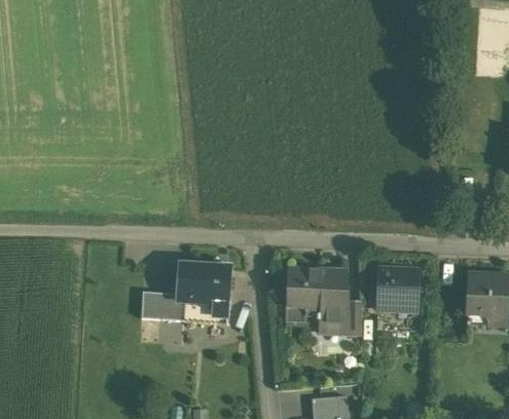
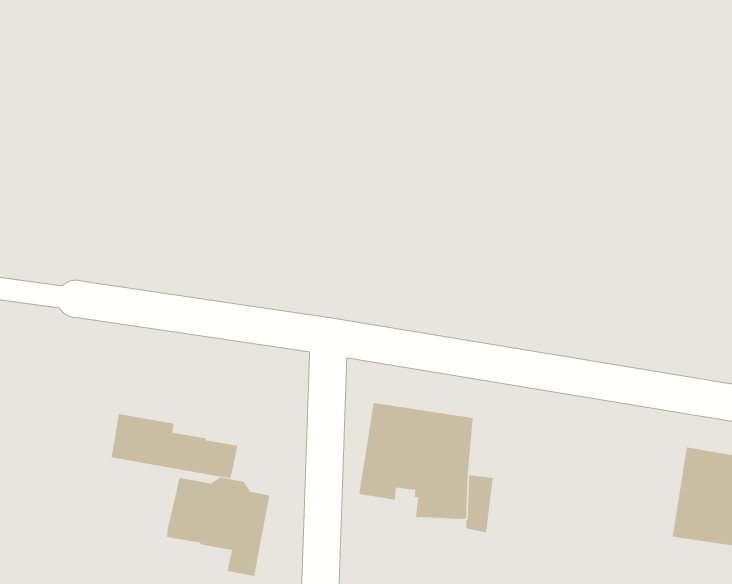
building: [175,261,231,315] -> [166,477,270,576]
building: [377,269,419,309] -> none

